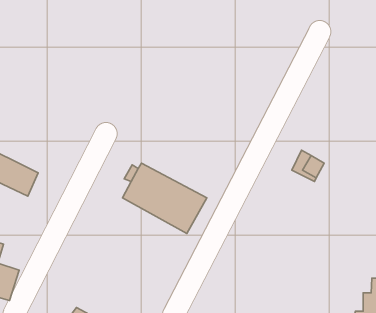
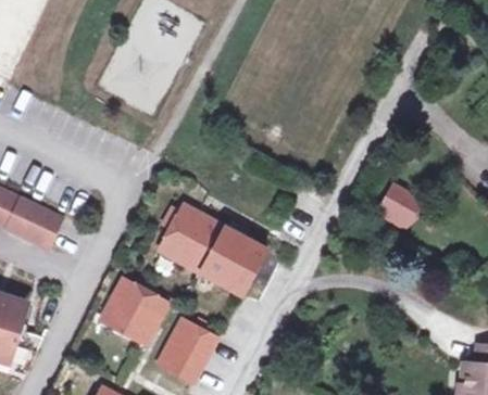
building: none -> [102,276,168,341]
building: none -> [160,320,220,381]

